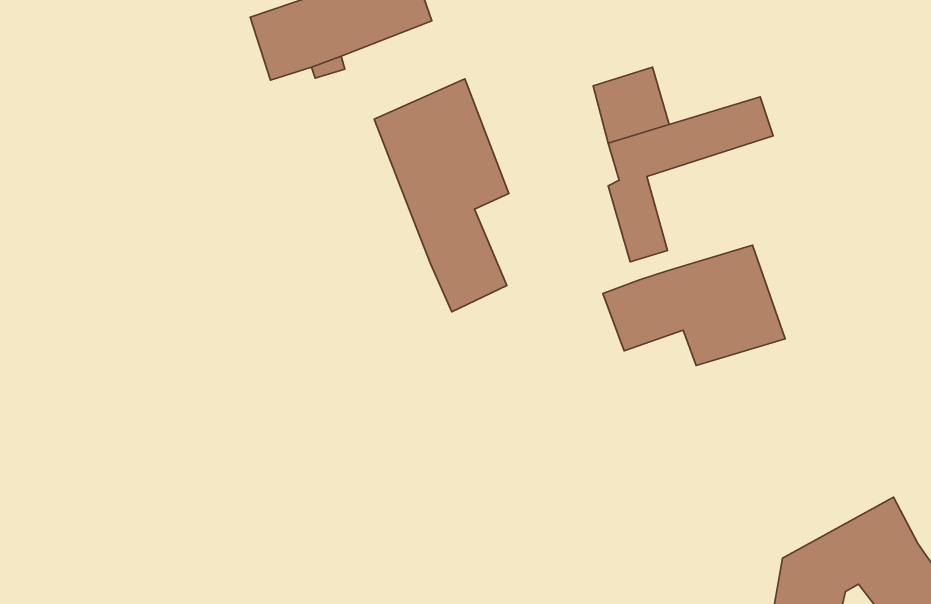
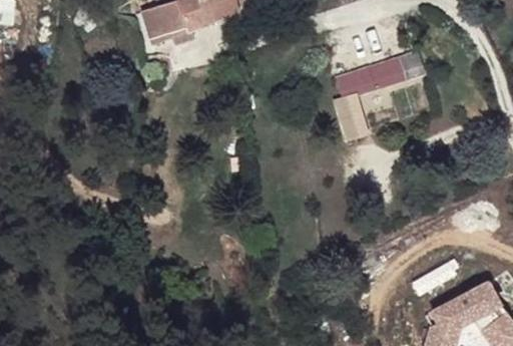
building: [374,79,509,312] -> none
building: [603,245,785,366] -> none

